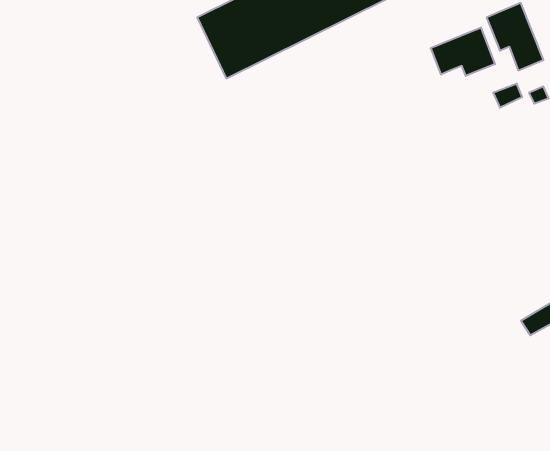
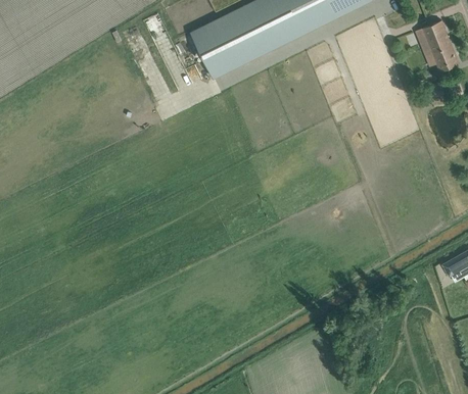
building: [431,27,495,76] -> none

